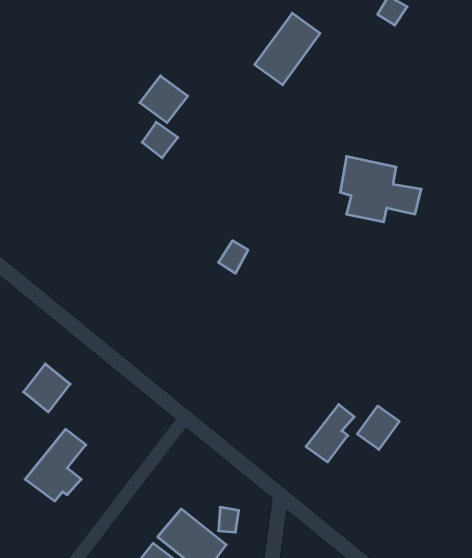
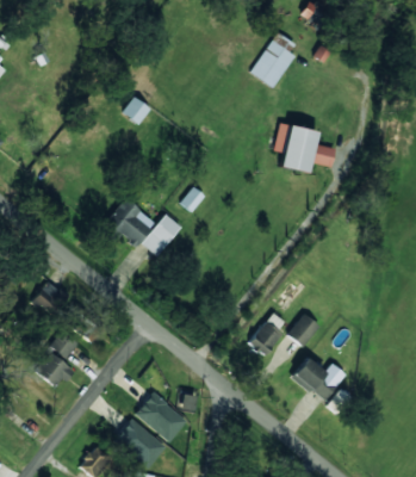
building: [255,13,320,85] -> [250,32,300,87]
building: [140,76,188,123] -> none
building: none -> [101,198,181,256]
building: none -> [293,359,339,398]

